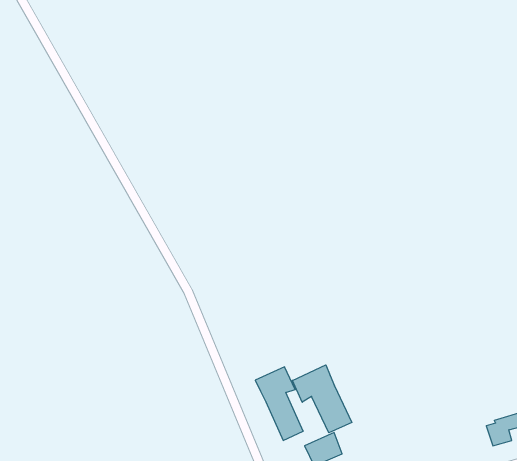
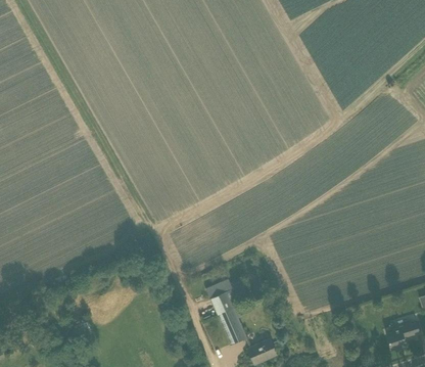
building: [292,365,352,433] -> none

